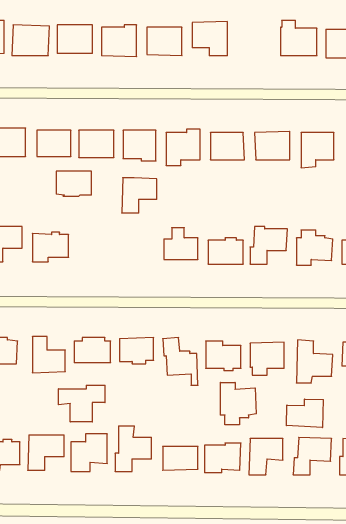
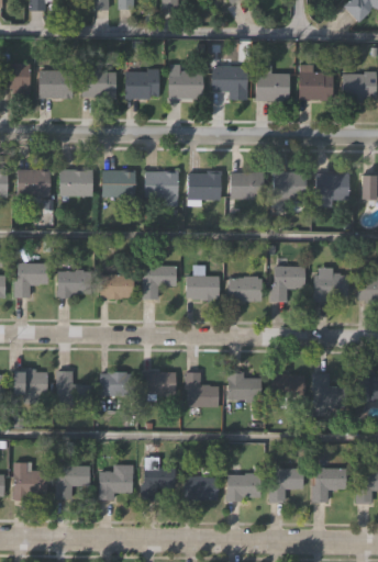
building: none -> [255,64,289,99]
building: [56,171,91,196] -> [98,274,132,299]
building: [122,178,157,213] -> [141,265,175,299]
building: [220,382,256,425] -> none
building: [59,385,105,422] -> none
building: [286,399,323,428] -> none

